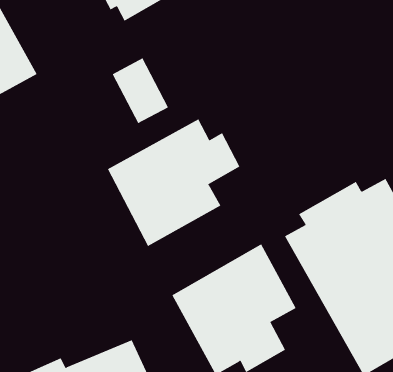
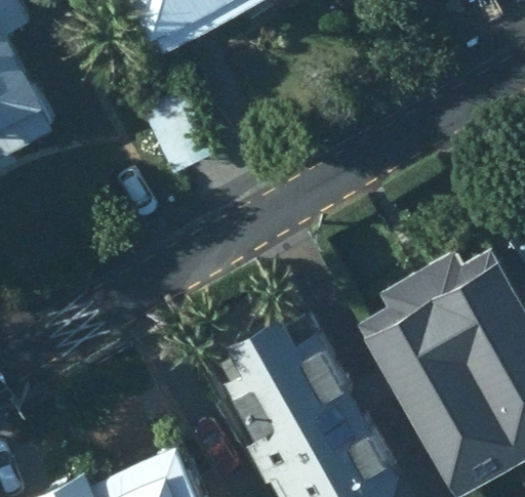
building: [107,118,240,247] -> none

